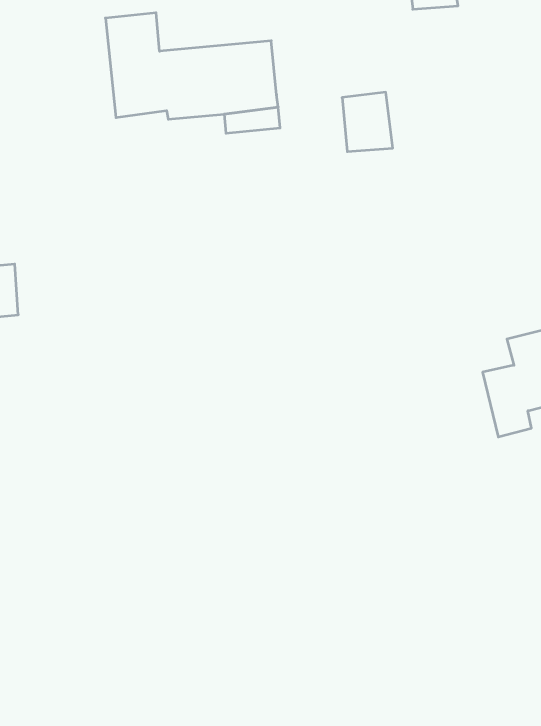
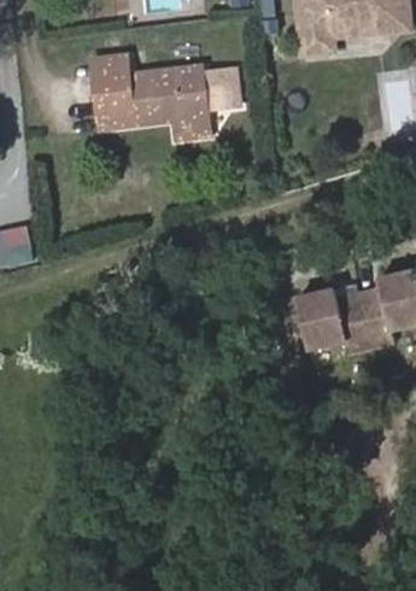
building: [342,92,393,152] -> [207,68,242,109]
building: none -> [289,288,364,350]

